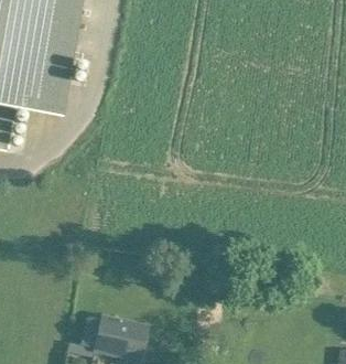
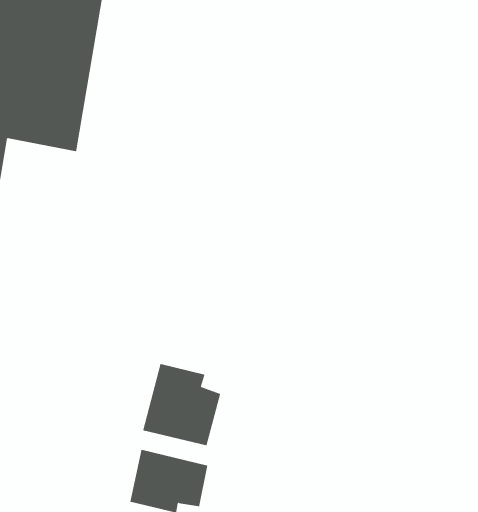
building: none -> [143,363,221,446]

